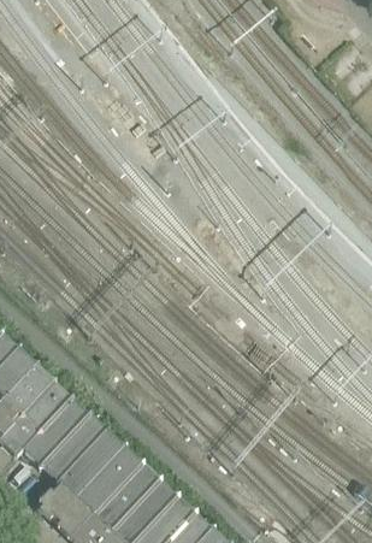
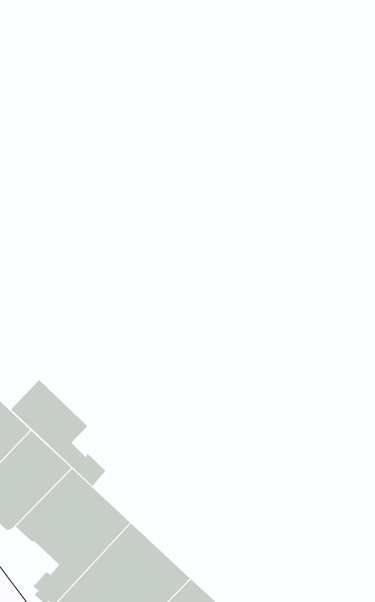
building: none -> [10,379,106,487]

